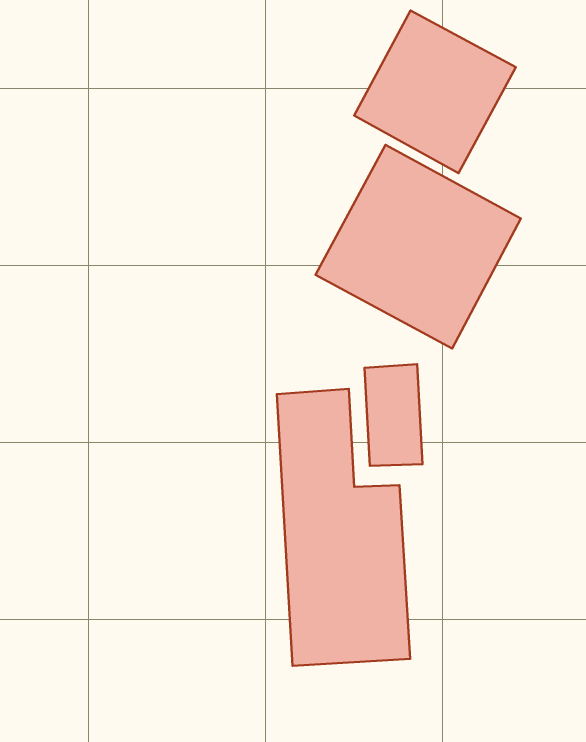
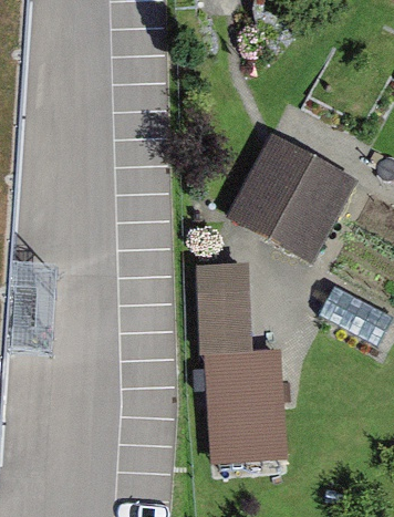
building: [354,10,516,173] -> none

